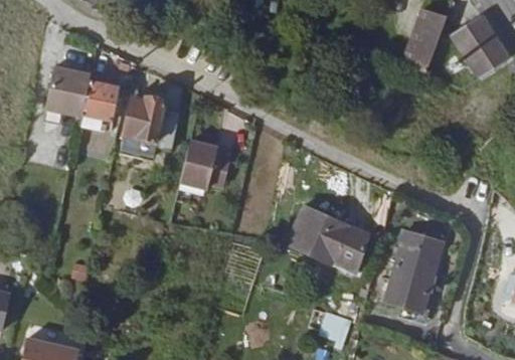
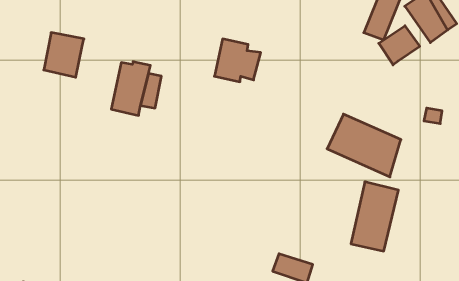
building: none -> [379,26,420,65]
building: [84,80,119,120] -> none
building: [181,139,232,186] -> [214,39,261,82]
building: [288,203,369,273] -> [327,114,401,177]

